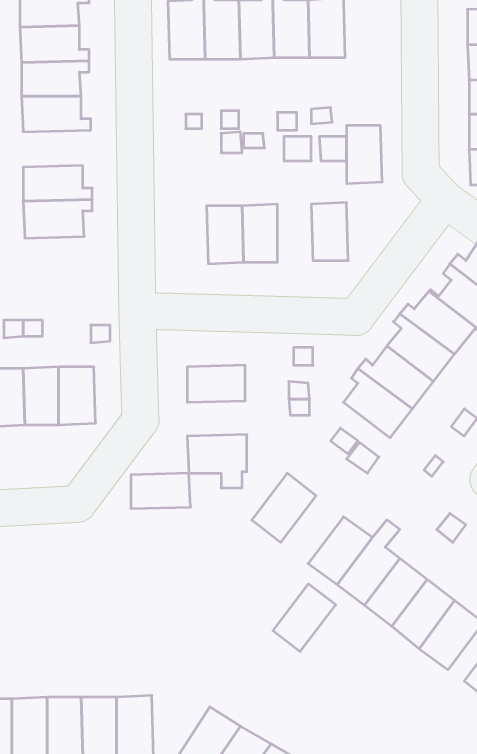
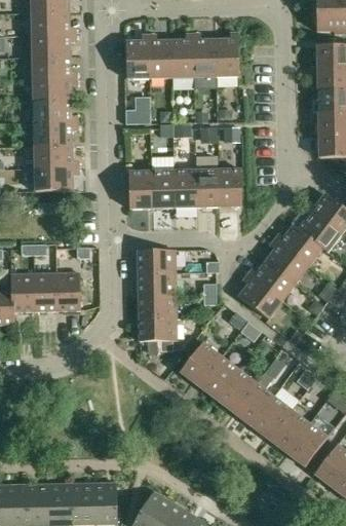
building: [347,126,382,184] -> [195,171,218,208]
building: none -> [33,123,76,147]
building: none -> [128,172,151,209]
building: none -> [137,251,175,274]
building: [131,473,191,509] -> [138,296,176,318]
building: [273,584,336,652] -> [197,356,237,400]

